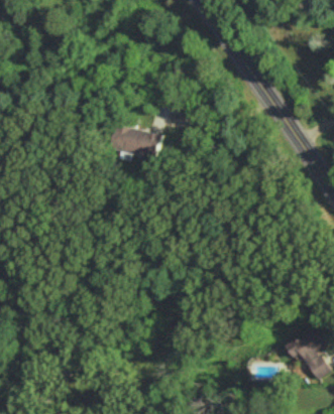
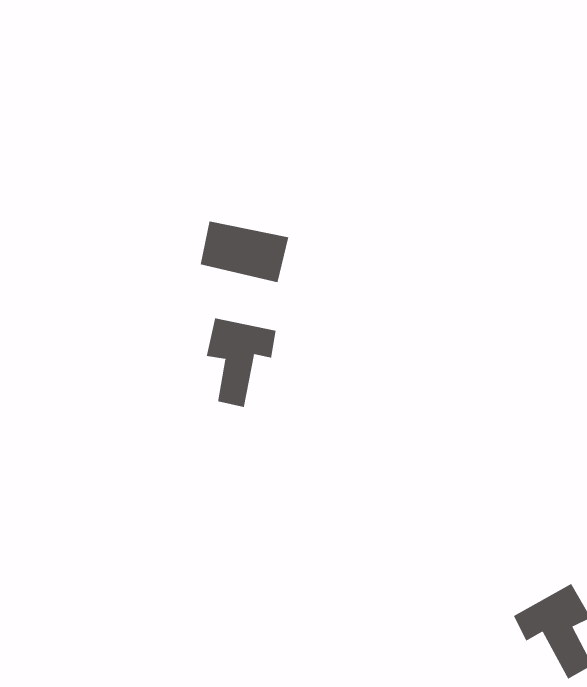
building: none -> [206,317,276,408]

